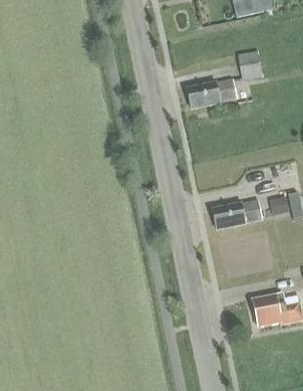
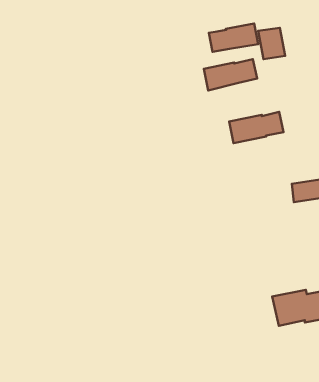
building: none -> [209,23,258,52]
building: [214,199,264,228] -> [229,112,283,143]

